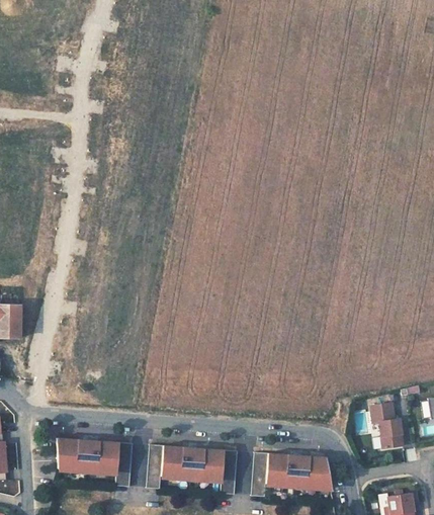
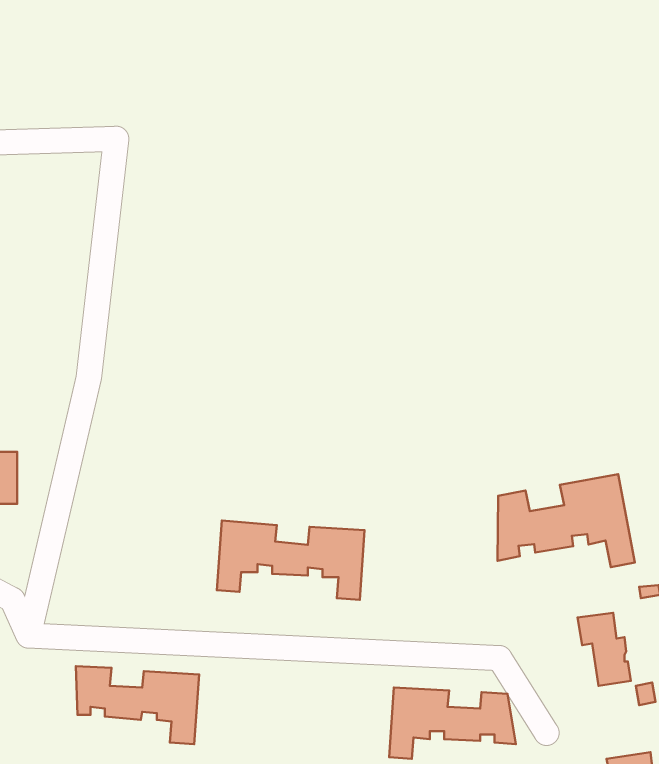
building: none -> [498,474,635,567]
building: [147,444,239,494] -> [217,520,365,600]

